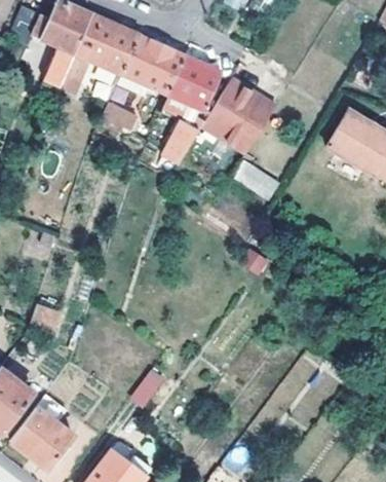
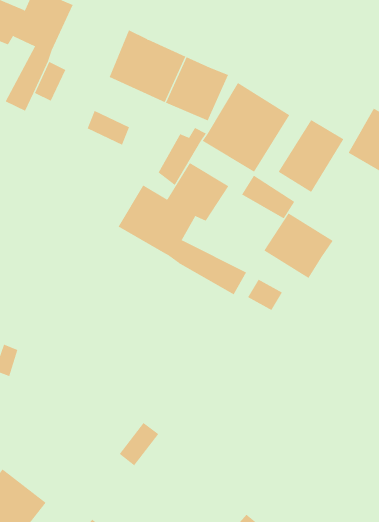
building: [77,16,141,77] -> none
building: none -> [278,119,344,193]
building: none -> [118,162,247,295]
building: none -> [263,212,333,279]

